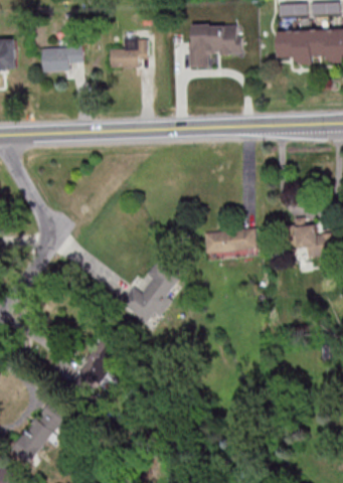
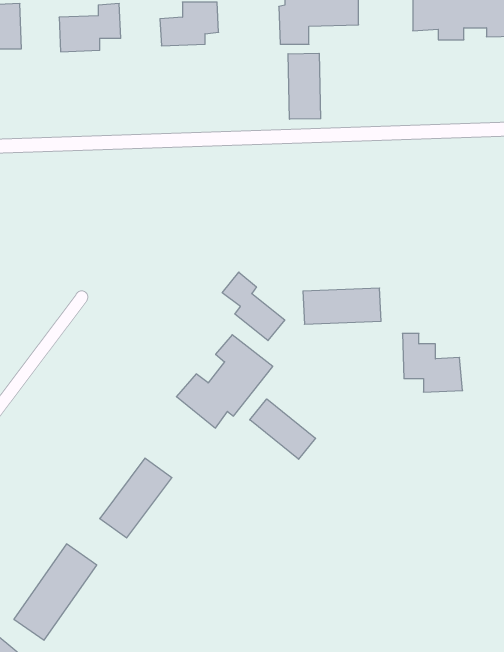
building: none -> [288,53,321,119]
building: [294,217,334,257] -> [402,333,463,392]
building: none -> [222,272,285,341]
building: none -> [250,399,316,459]

